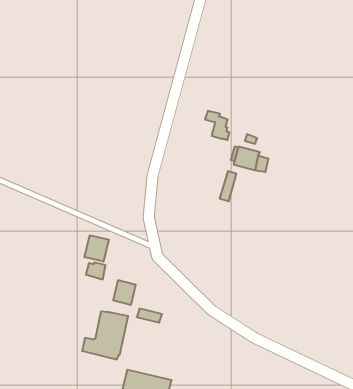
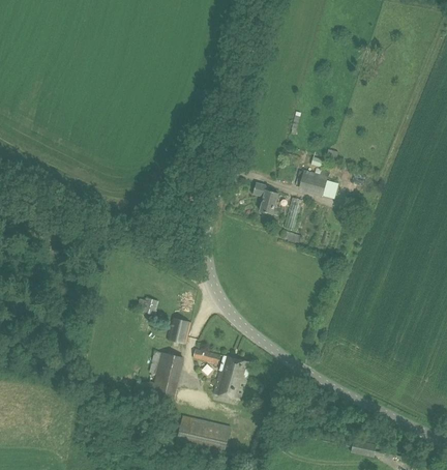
building: [205,111,229,140] -> [252,183,279,215]
building: [84,235,109,262] -> none
building: none -> [213,355,251,401]

